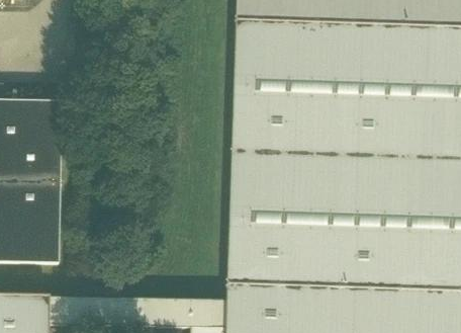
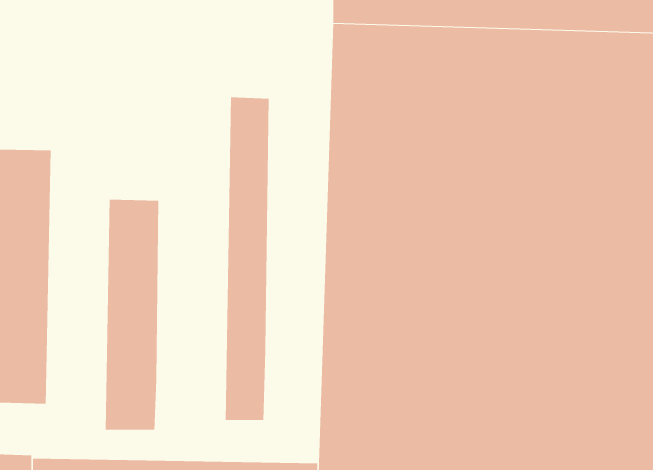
building: none -> [225,97,269,421]
building: none -> [105,199,159,430]

